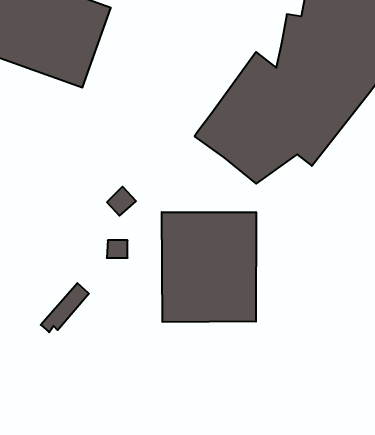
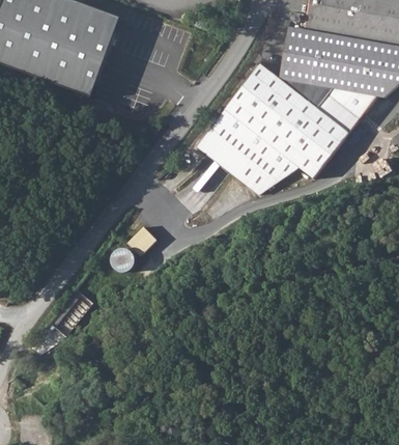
building: [107,187,136,216] -> [130,225,159,254]
building: [162,212,256,322] -> none

